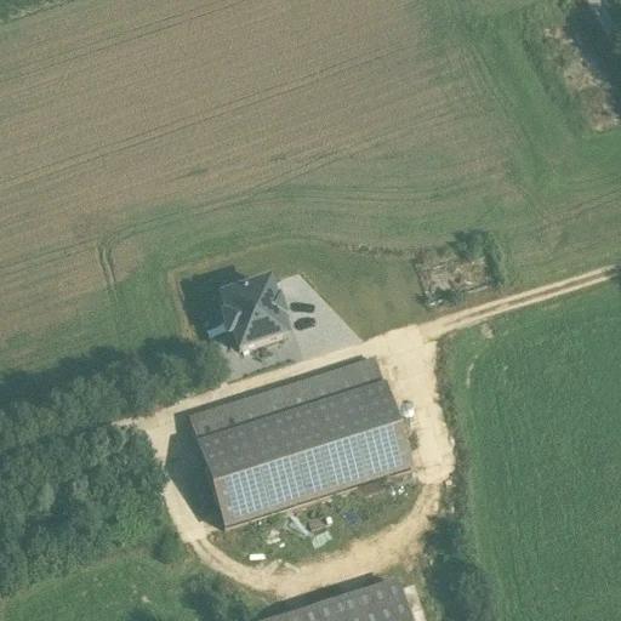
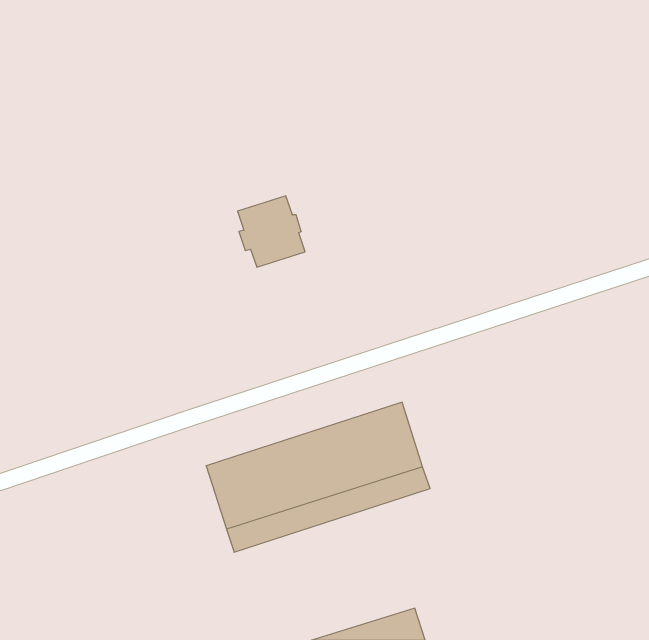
building: [222,279,286,347] -> [238,196,305,267]
building: [189,355,384,444] -> none

